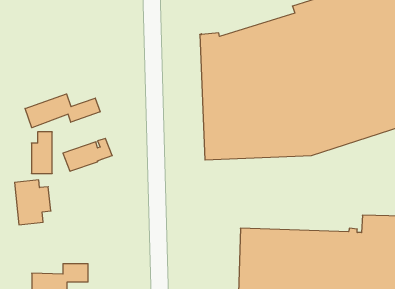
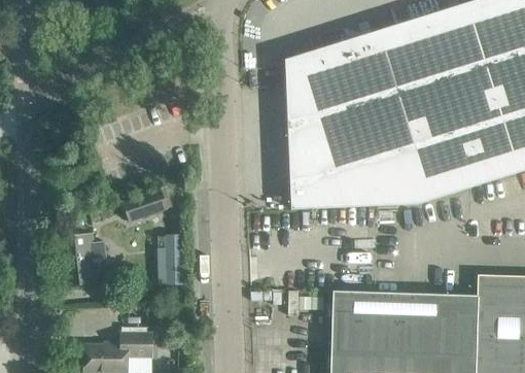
building: [25,94,100,128] -> none
building: [31,132,52,173] -> [159,233,183,282]

